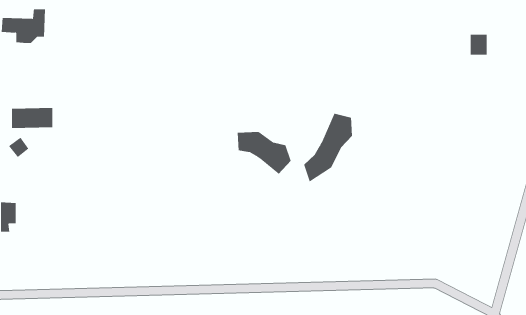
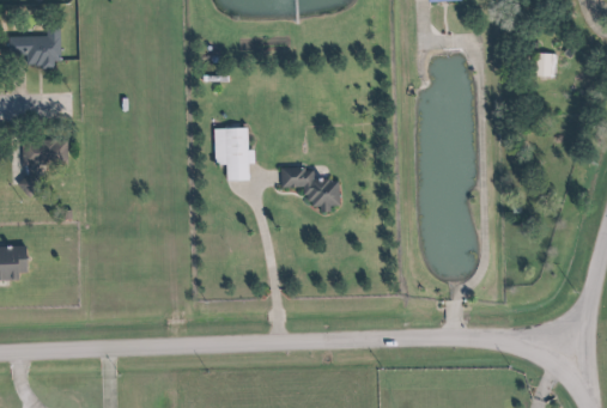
building: none -> [211,126,253,181]
building: [304,113,353,182] -> none

